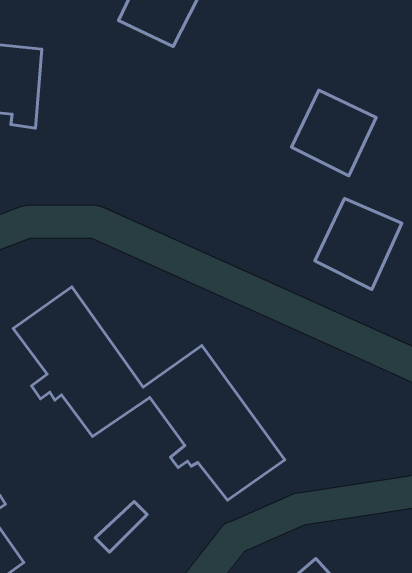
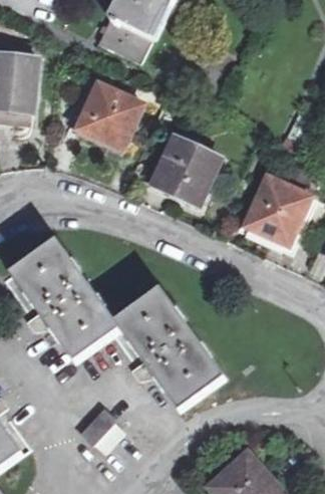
building: none -> [77,85,142,146]
building: [292,90,376,176] -> [155,139,221,205]

